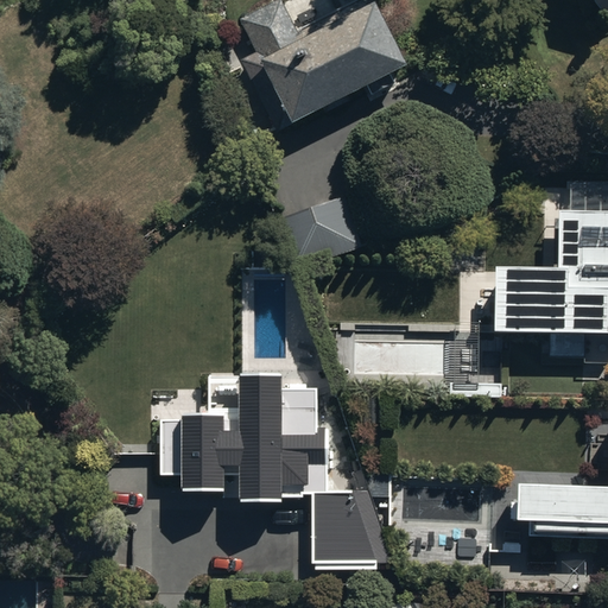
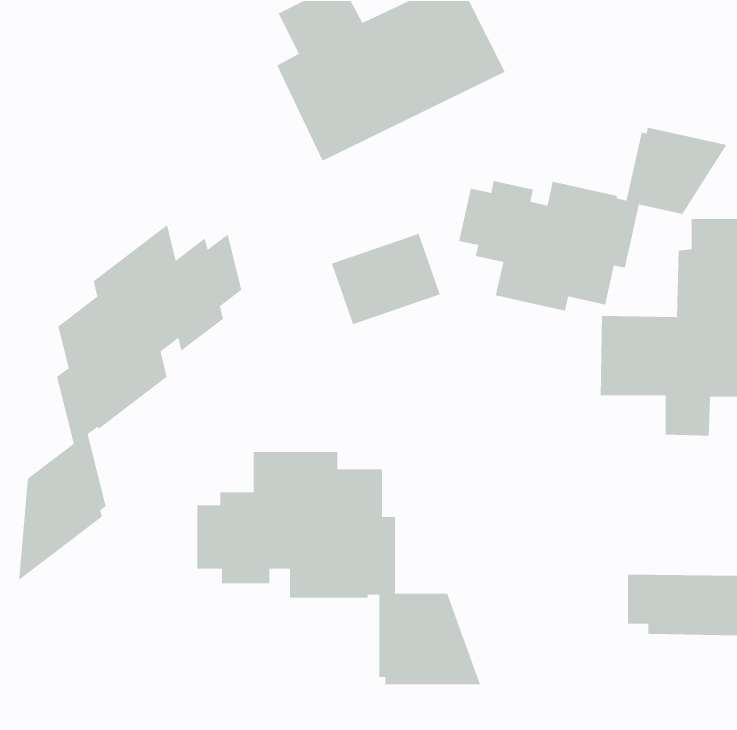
building: none -> [458,127,727,312]
building: none -> [18,224,242,581]

